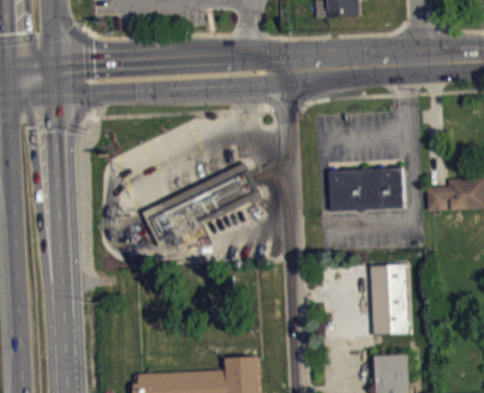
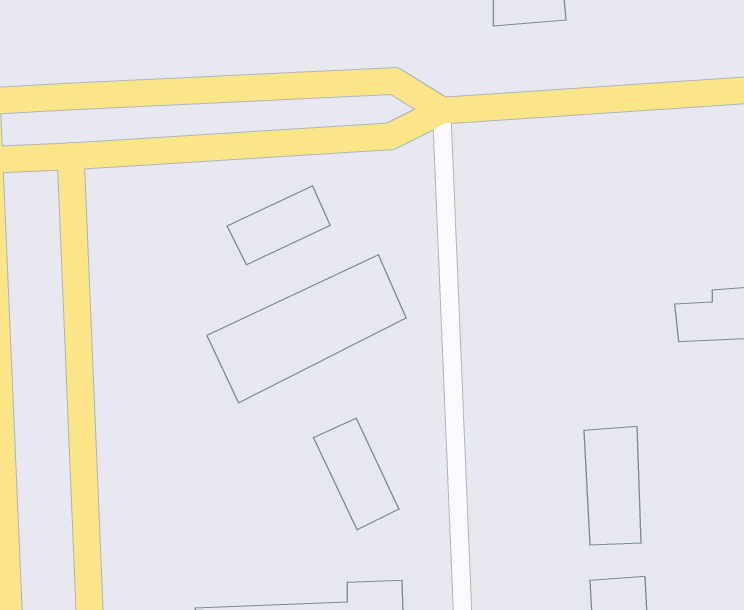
building: none -> [227,186,330,265]
building: [328,166,402,212] -> none
building: none -> [313,418,399,530]

